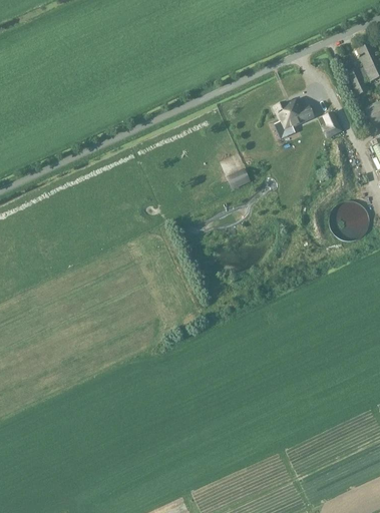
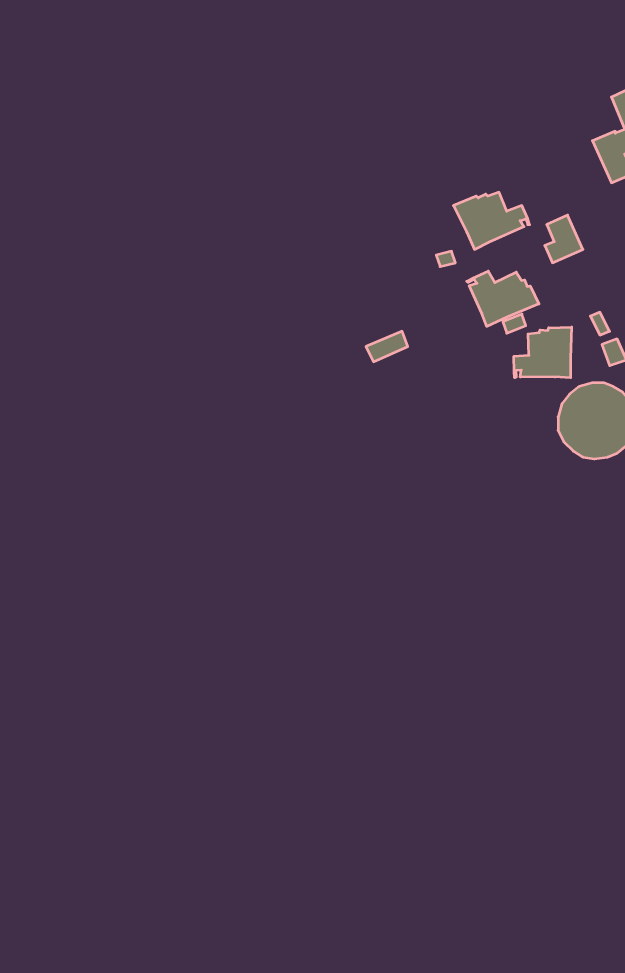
building: none -> [467,271,539,326]
building: none -> [514,327,572,378]

